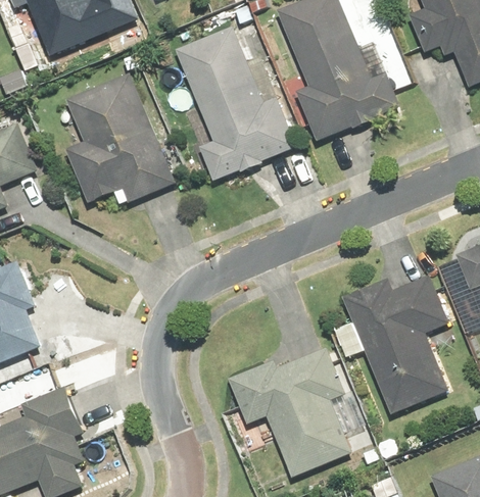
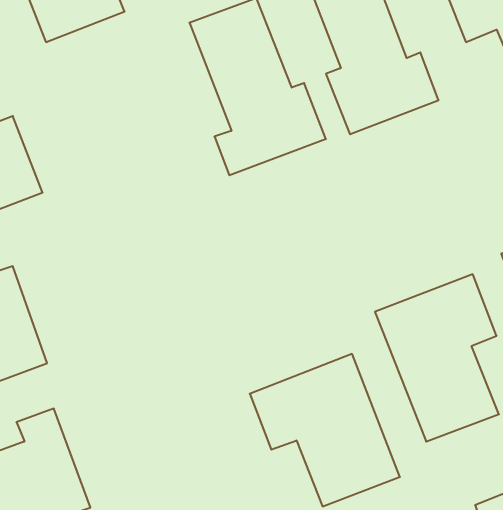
building: [61,68,175,203] -> none

